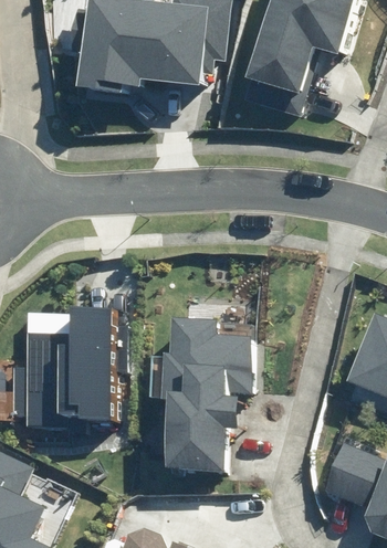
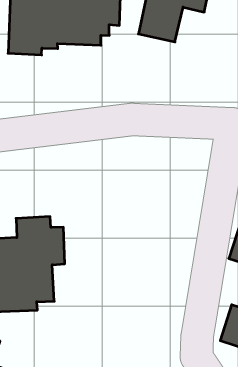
building: [153,316,252,470] -> none

